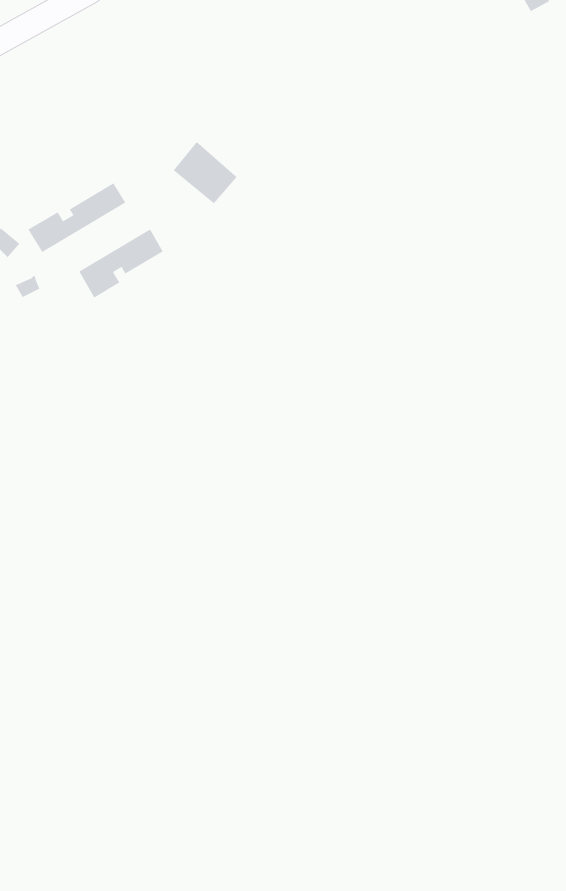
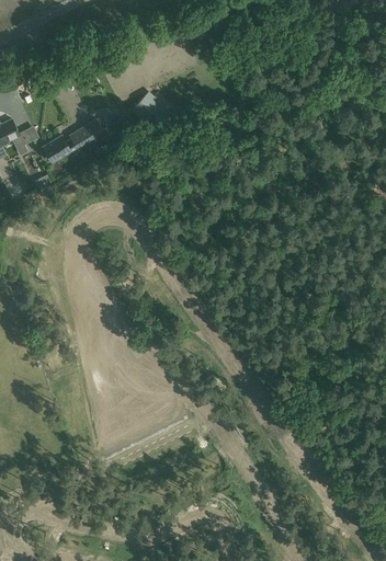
building: [78,228,163,298] -> none

